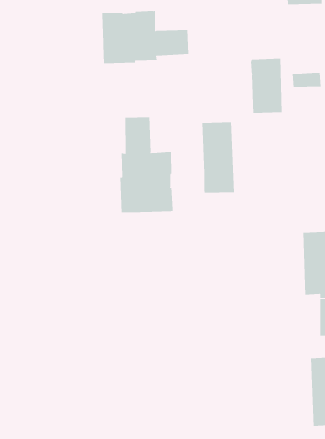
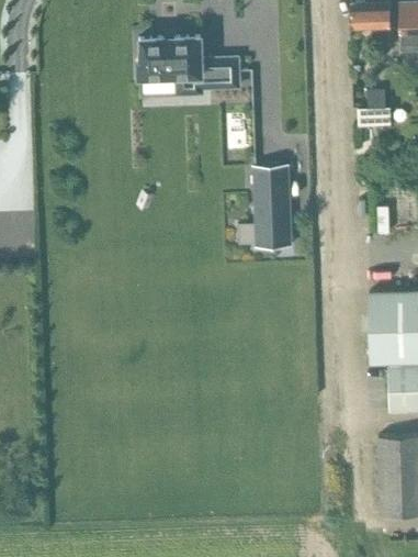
building: [251,58,282,114] -> none
building: [120,116,173,213] -> none

